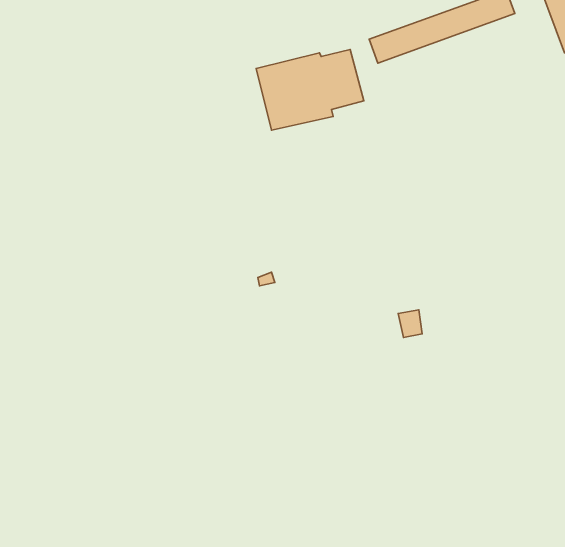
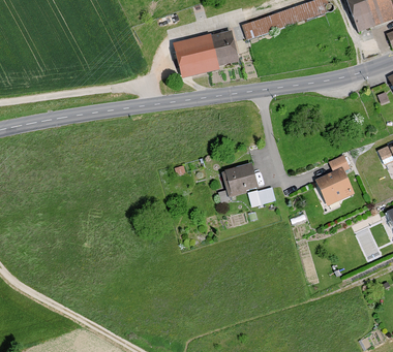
building: none -> [315,155,354,205]
building: none -> [221,163,258,198]

